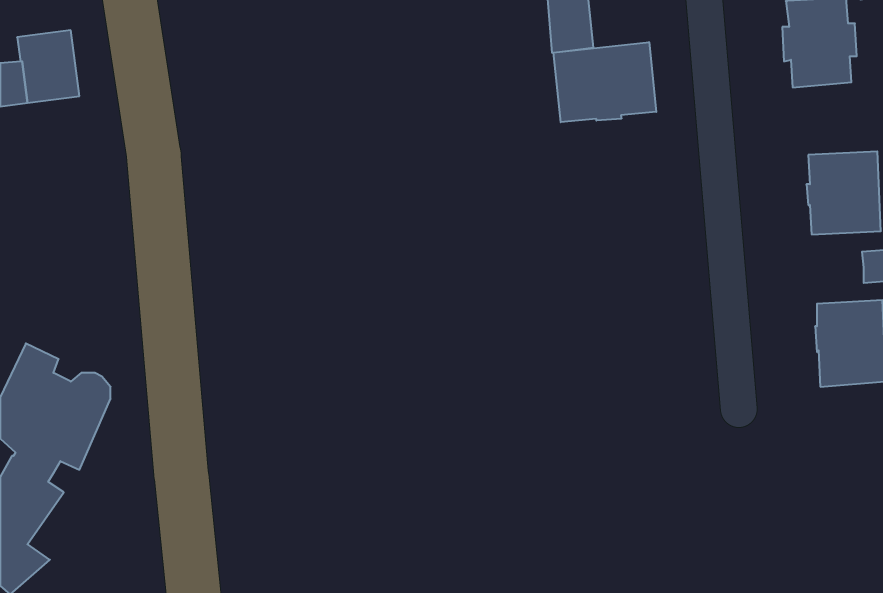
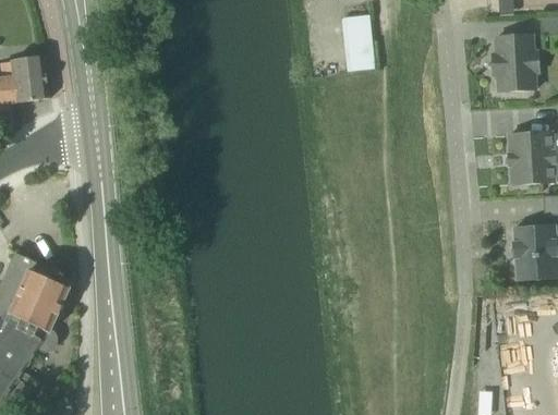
building: [554,42,656,122] -> none

